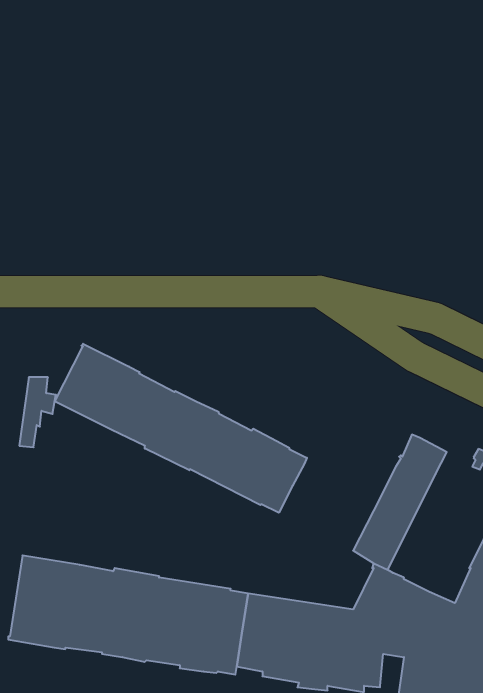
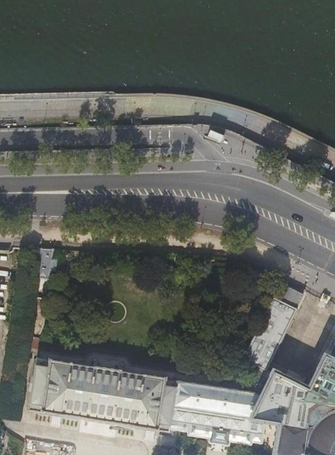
building: [55,344,307,513] -> none

